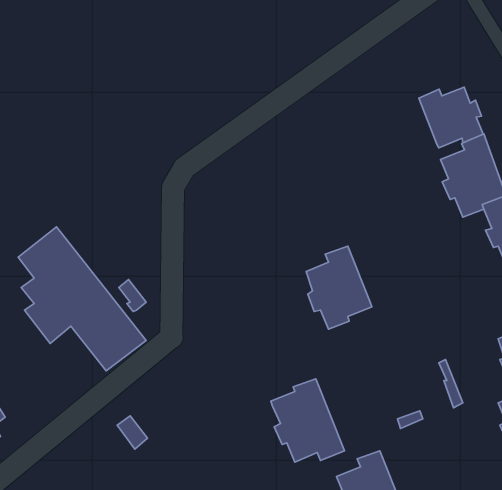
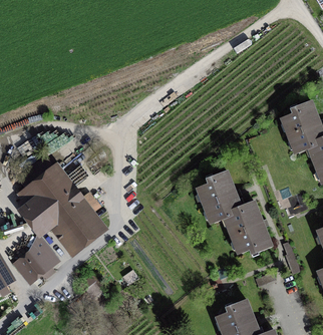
building: [419,87,483,148] -> none
building: none -> [11,234,54,278]
building: [271,379,345,462] -> [224,200,270,252]

